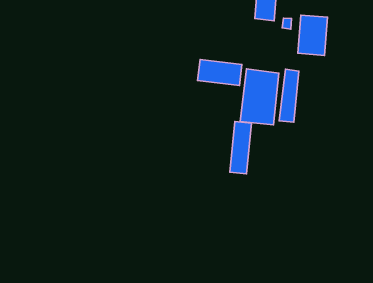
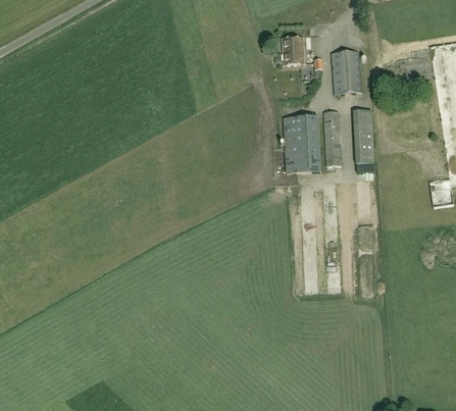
building: [198,59,242,86] -> none
building: [230,121,251,174] -> [353,109,373,163]

